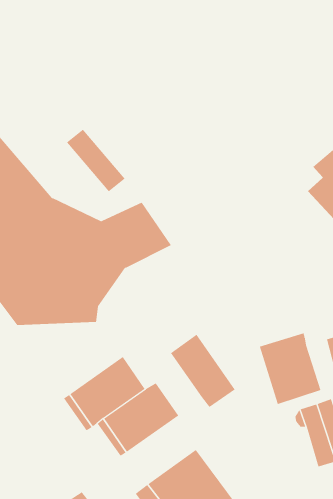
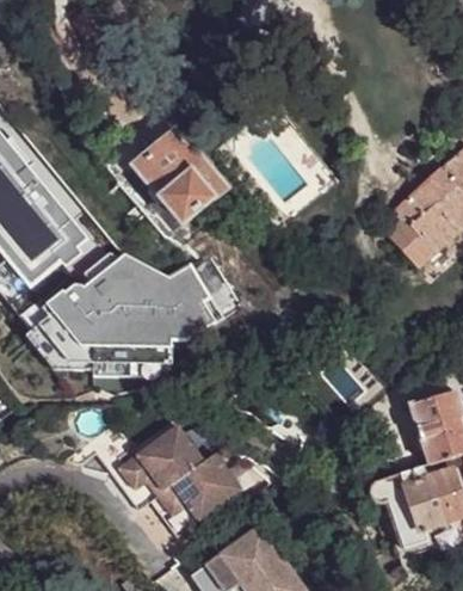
building: none -> [140,128,227,218]
building: [259,333,321,405] -> none
building: [170,334,236,408] -> none

